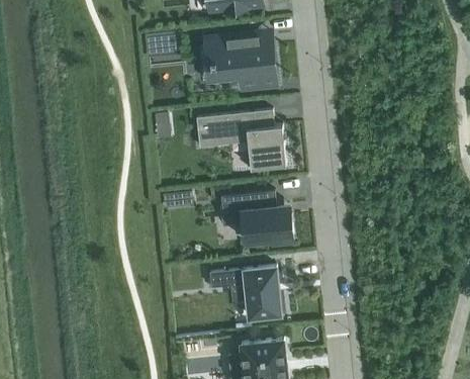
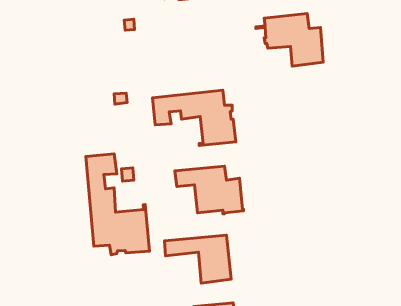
building: [202,34,275,91] -> [256,14,323,66]
building: none -> [86,154,149,255]

